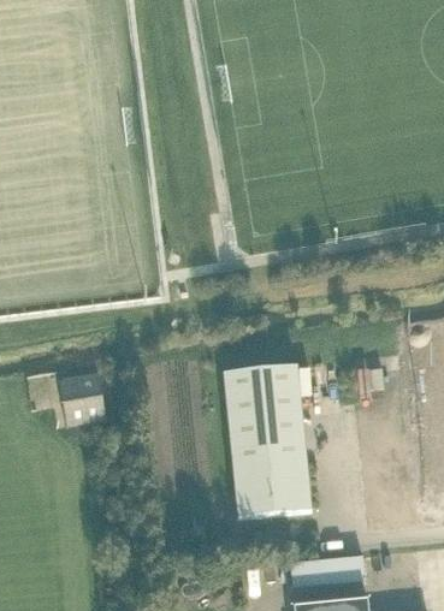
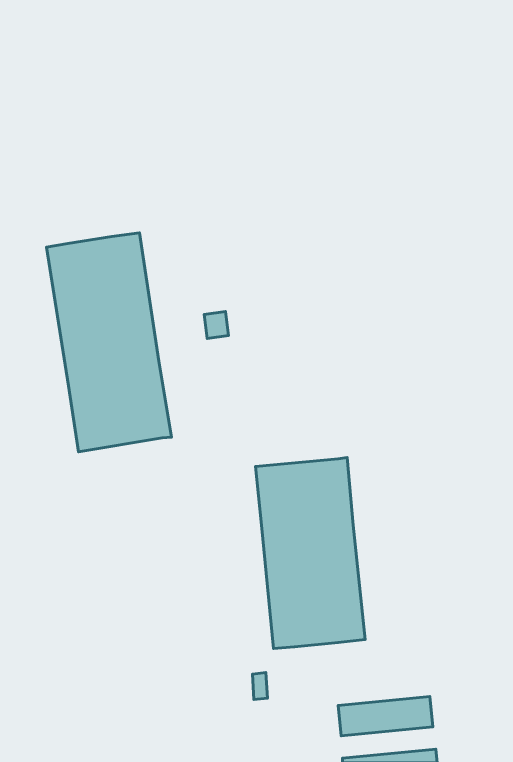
building: none -> [47,233,171,452]
building: [60,375,107,427] -> none

